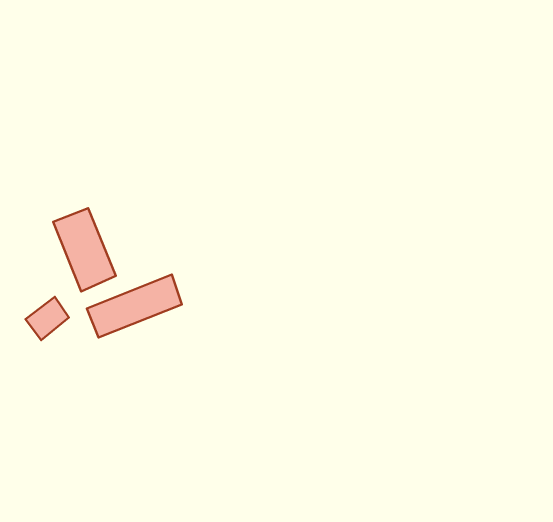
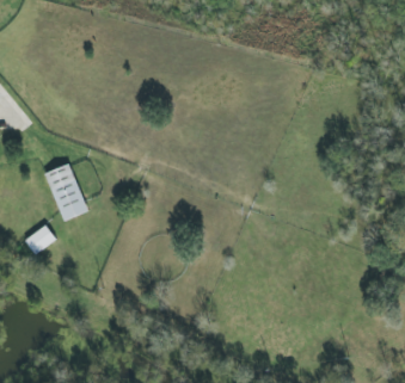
building: [87,274,182,337] -> none

